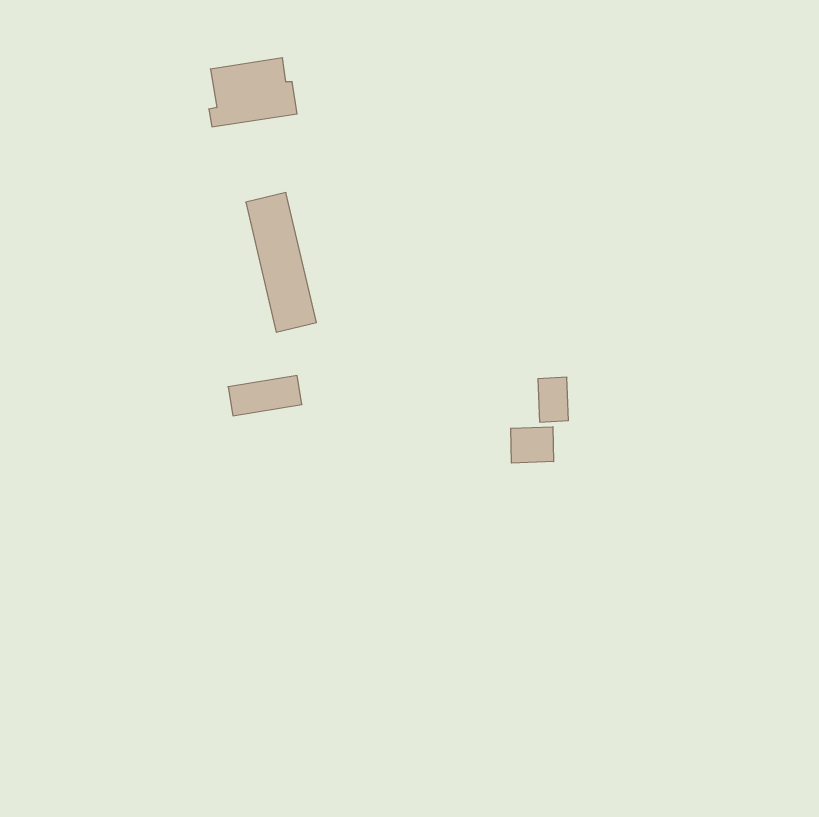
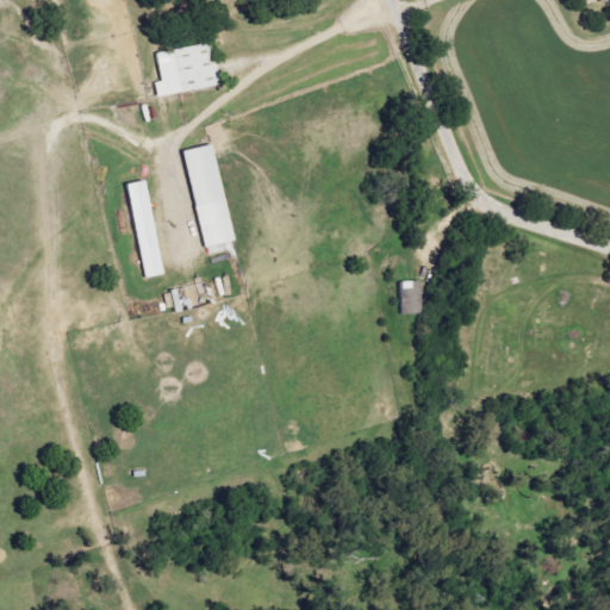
building: none -> [126,179,163,276]
building: [511,427,554,463] -> none

